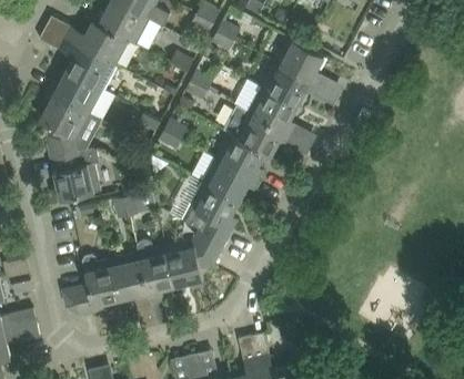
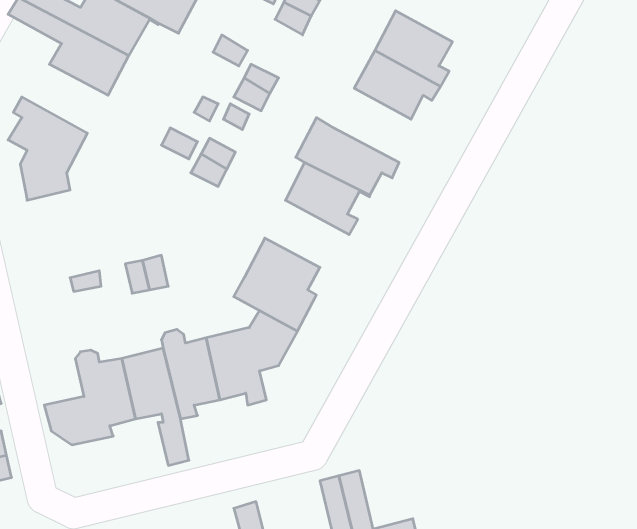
building: [47,71,102,115] -> none
building: [248,86,297,134] -> none
building: [50,150,100,202] -> none
building: [203,158,258,202] -> none

